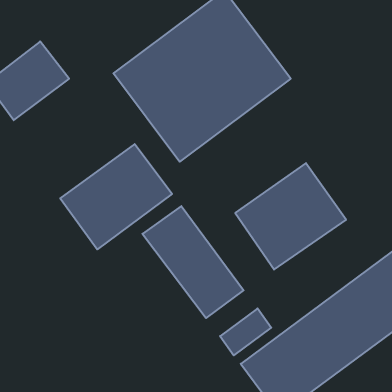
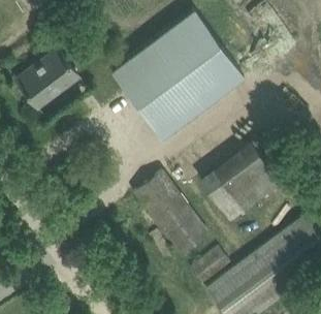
building: [60,144,172,249] -> none

